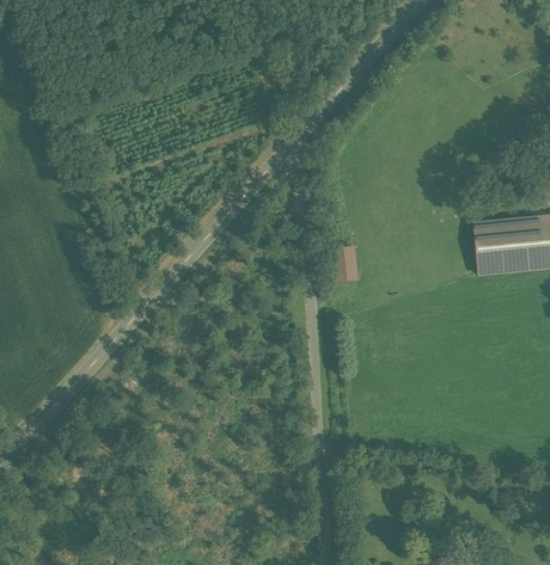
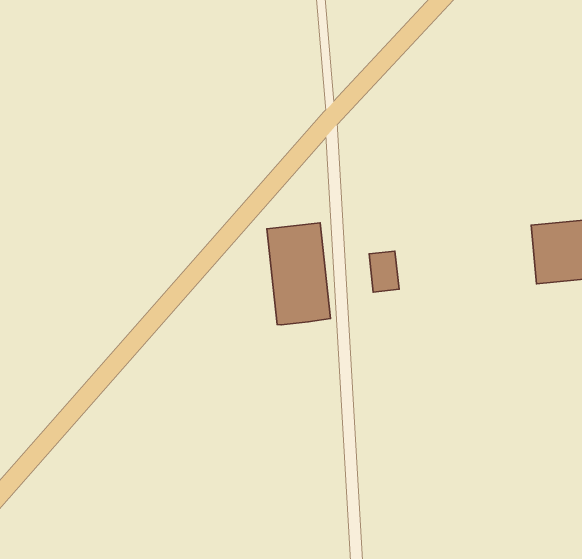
building: none -> [267,223,330,325]

